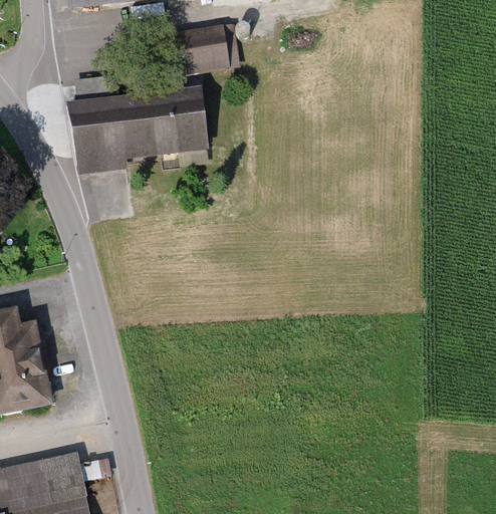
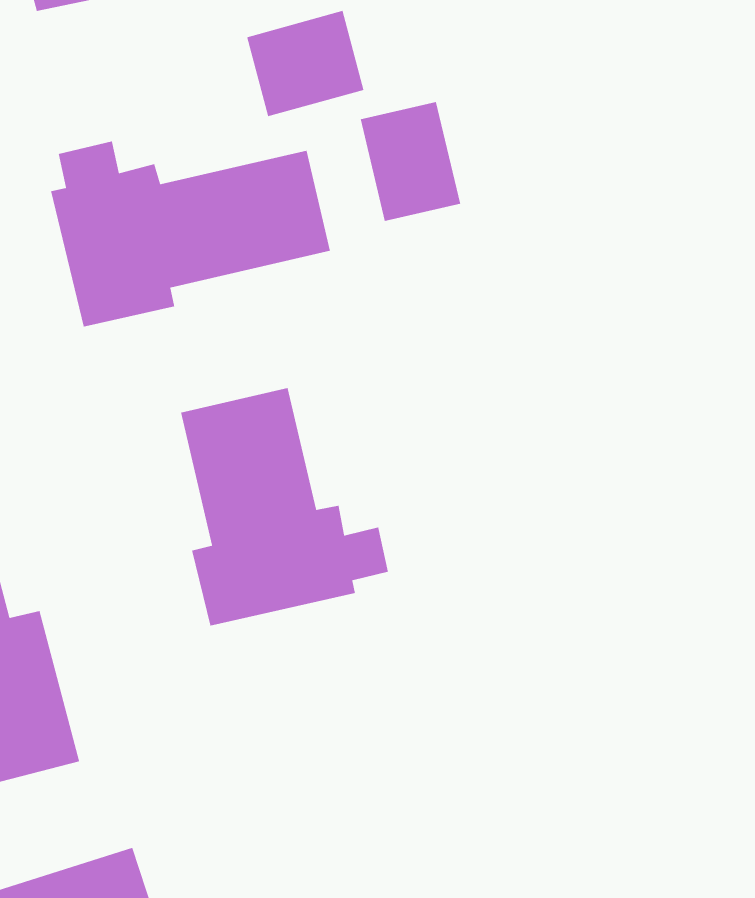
building: none -> [360,101,461,222]
building: none -> [180,387,389,627]

